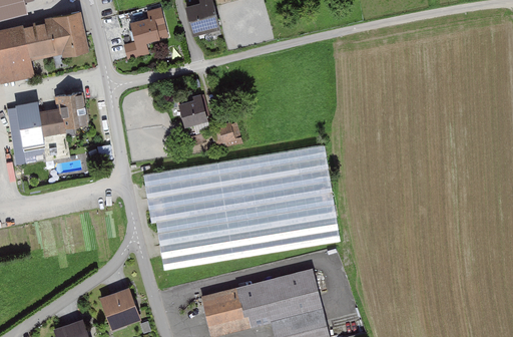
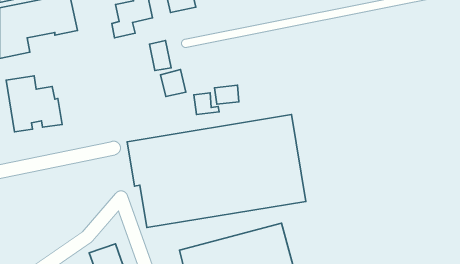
building: none -> [150,40,171,71]
building: [55,91,86,127] -> none
building: none -> [215,85,239,104]

